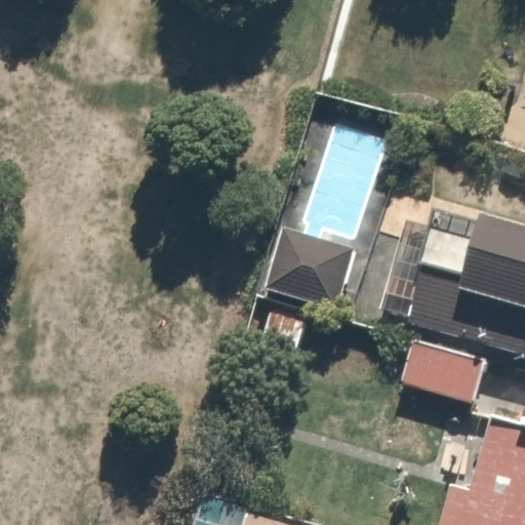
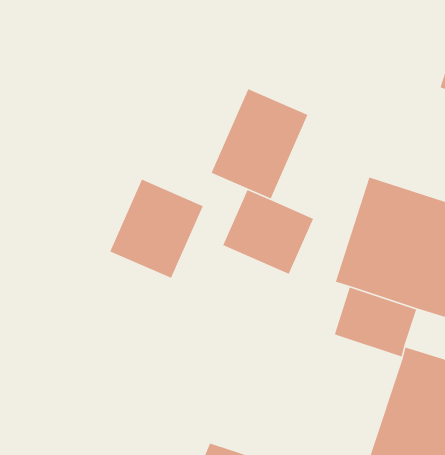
building: none -> [211,88,309,199]
building: none -> [109,179,204,279]

